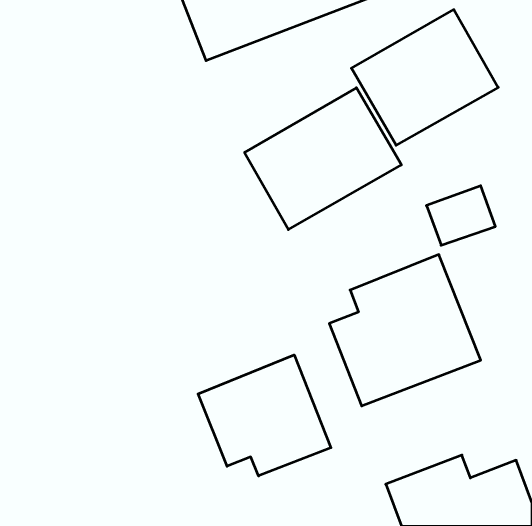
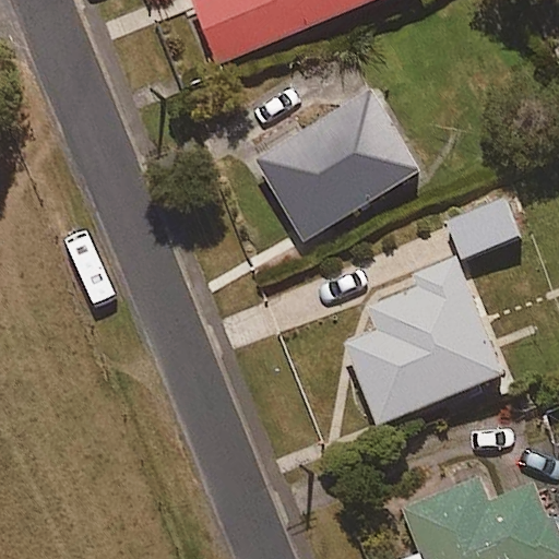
building: [351,10,498,145] -> none
building: [198,355,331,476] -> none

